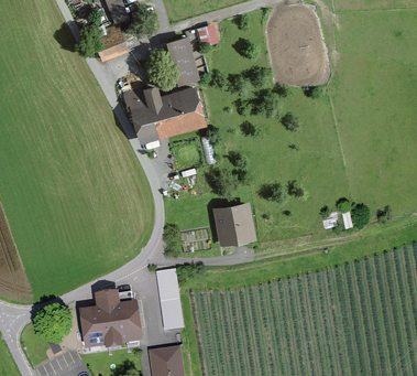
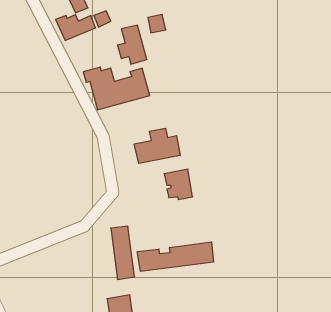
building: none -> [134,128,180,163]
building: none -> [137,242,213,271]
building: [84,292,139,346] -> none

